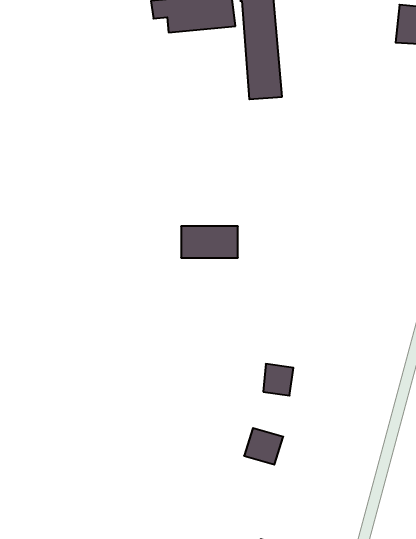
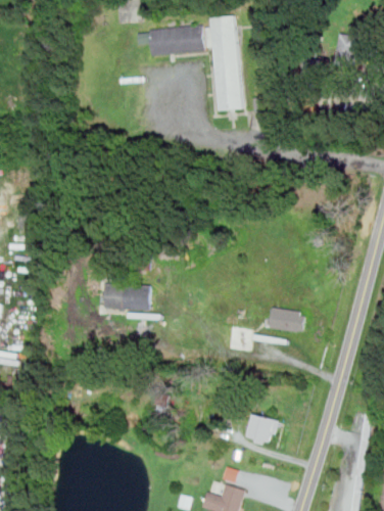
building: [181,226,238,258] -> [104,284,150,310]
building: none -> [269,307,304,333]
building: [244,428,283,465] -> [246,415,278,445]

